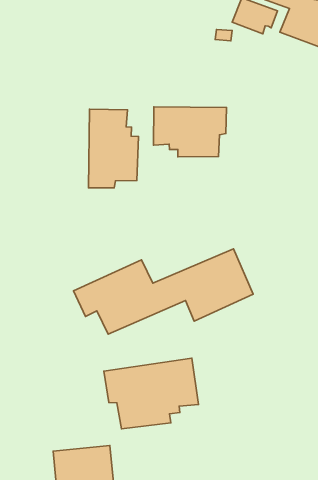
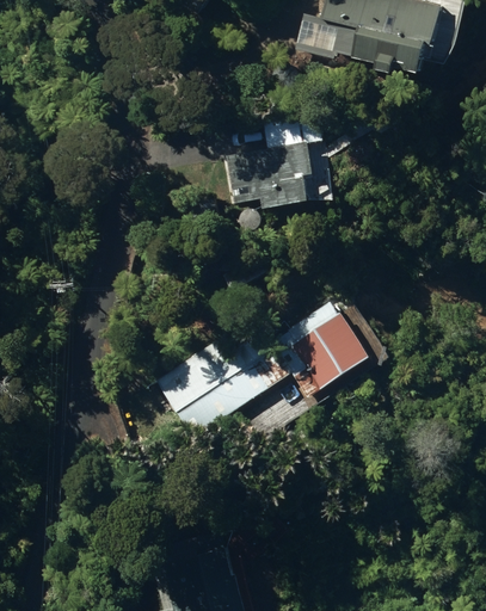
building: [89,109,139,188] -> none
building: [104,358,198,429] -> none

